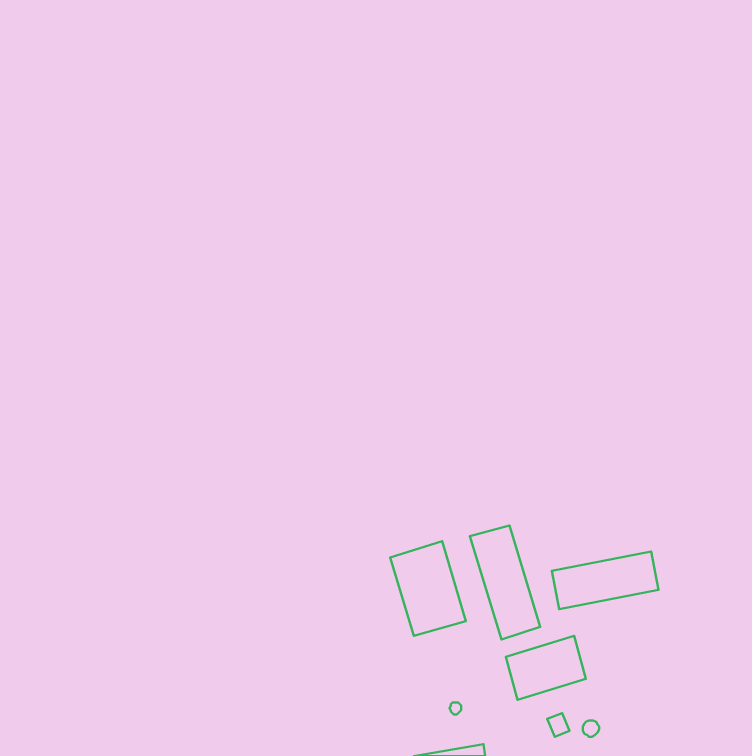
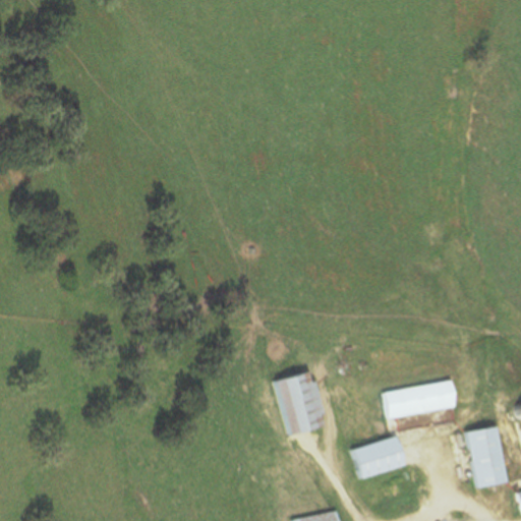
building: [470,525,540,639] -> none
building: none -> [465,425,509,487]

